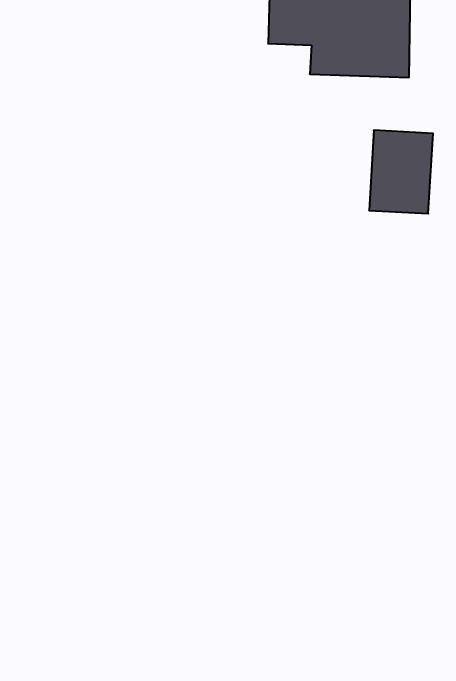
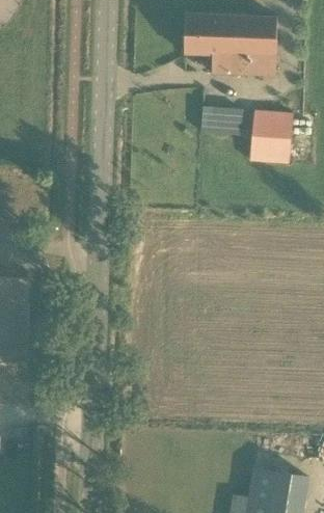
building: none -> [200,107,243,136]

